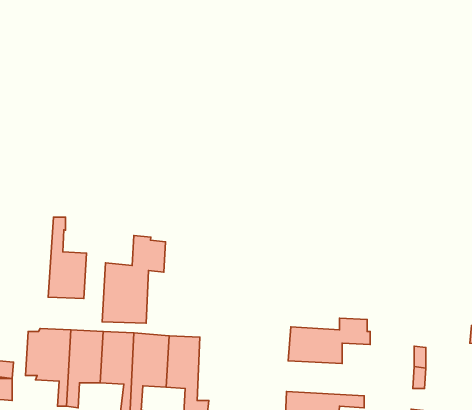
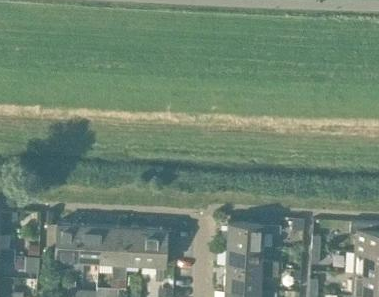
building: [48,217,87,298] -> none
building: [102,235,165,323] -> none
building: none -> [225,247,279,271]

